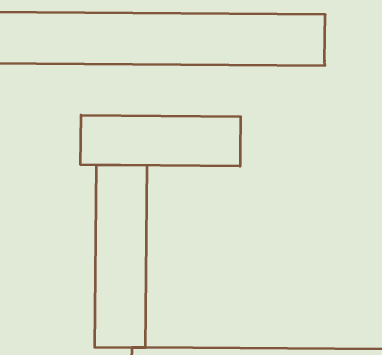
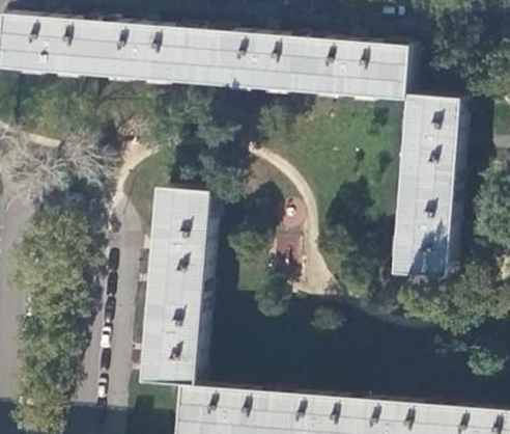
building: none -> [393,93,460,277]
building: [81,115,241,166] -> none

